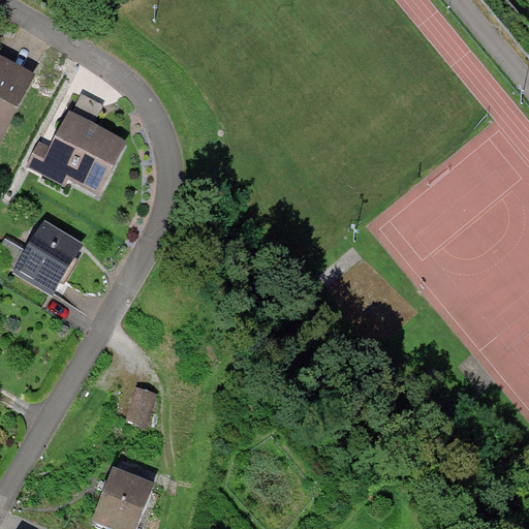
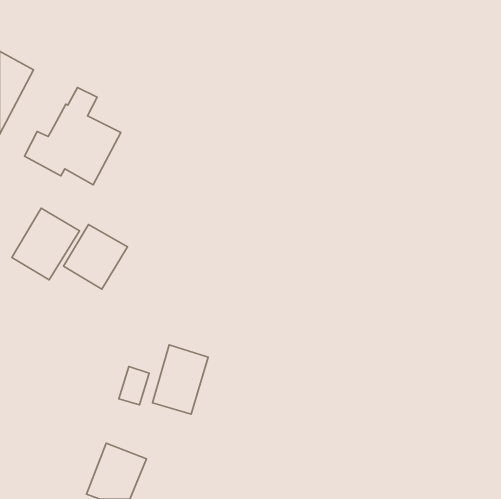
building: none -> [64,225,127,289]
building: none -> [152,345,208,414]

